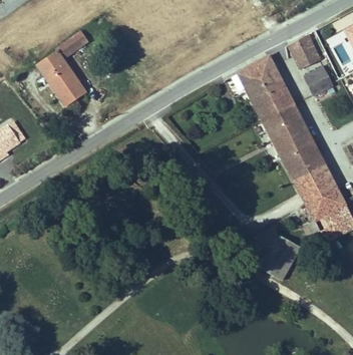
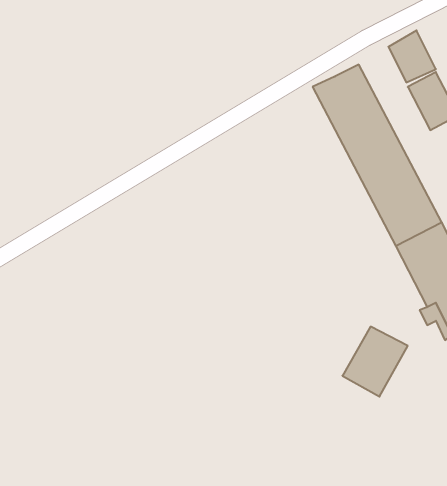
building: [37,31,87,104] -> none

